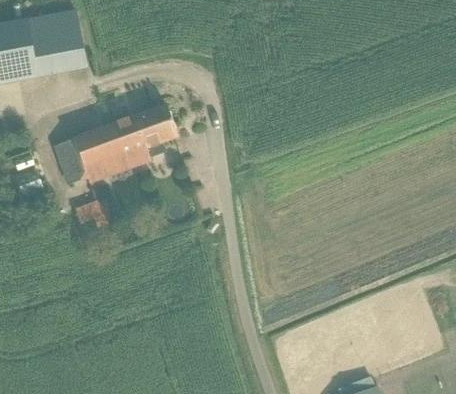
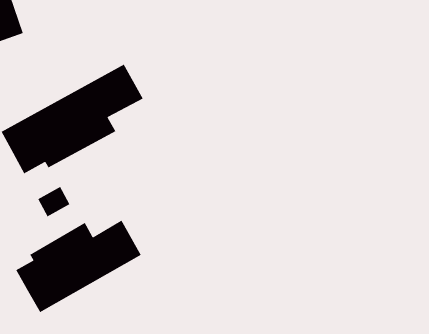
building: none -> [15,219,142,313]

